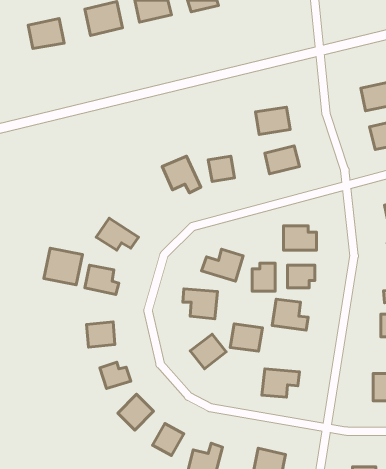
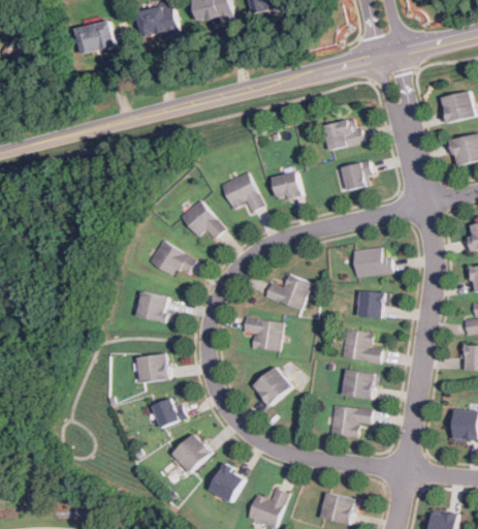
building: none -> [181,199,223,238]
building: [44,248,83,285] -> none
building: [252,263,275,291] -> none
building: [230,324,262,351] -> [342,369,377,399]

